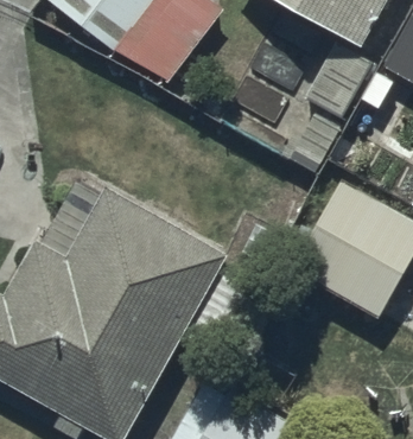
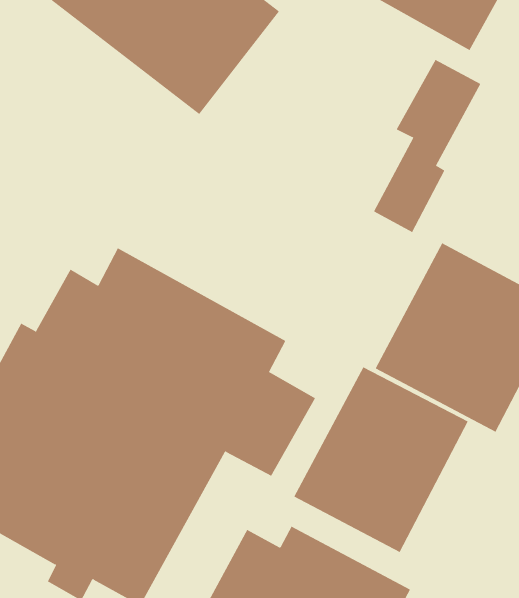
building: none -> [294,366,469,553]

